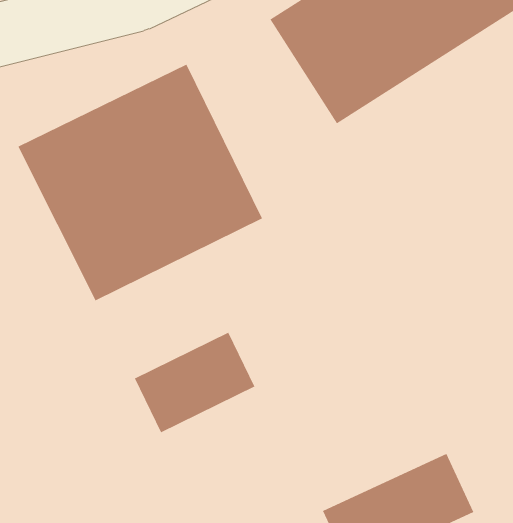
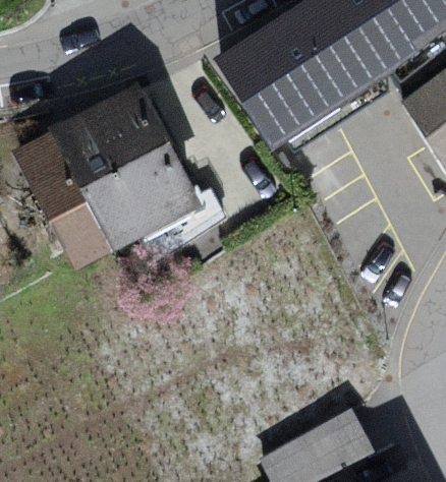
building: [134,332,255,433] -> none

